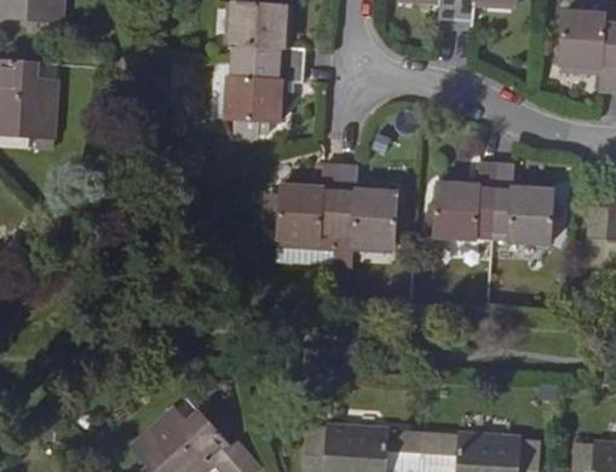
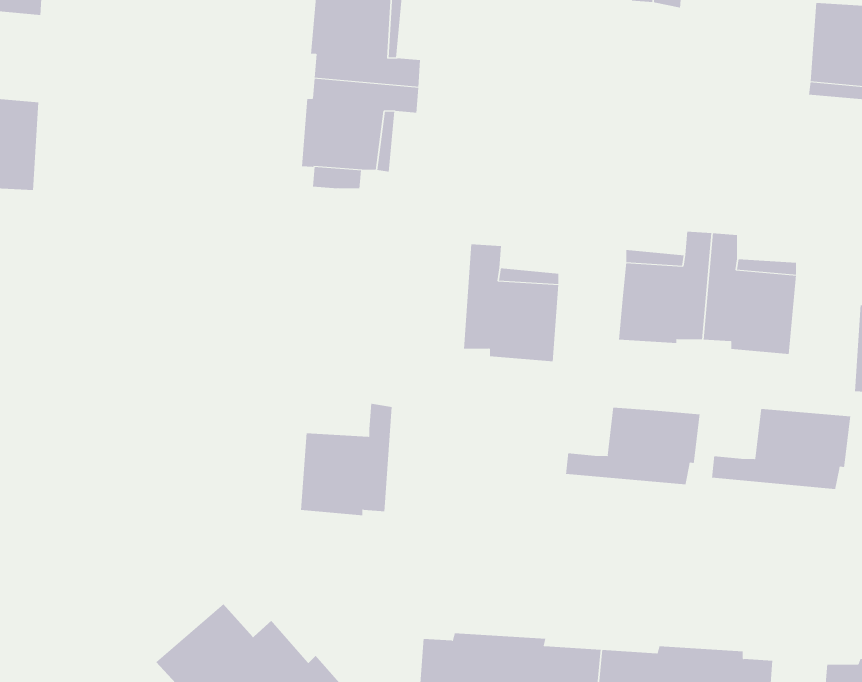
building: [275,171,335,244] -> [300,403,393,516]
building: none -> [565,407,700,485]
building: none -> [711,408,851,490]

